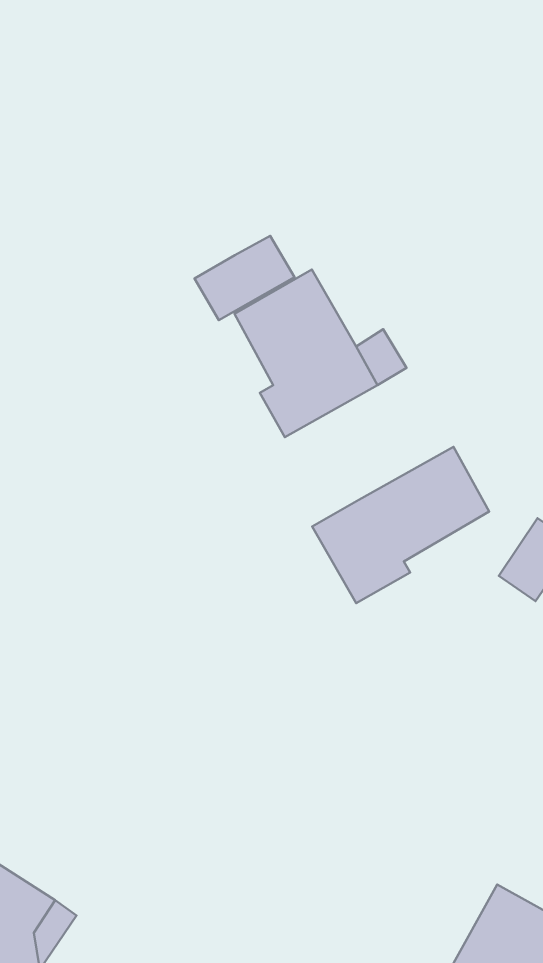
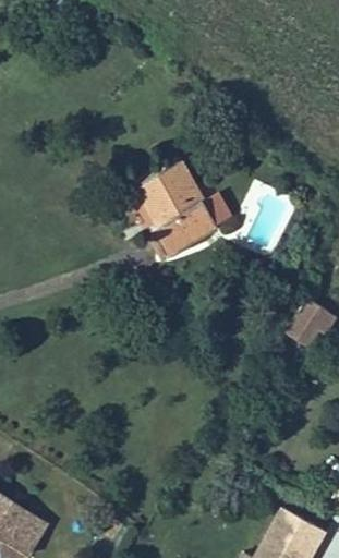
building: [194,236,294,320] -> none
building: [312,447,489,603] -> none

